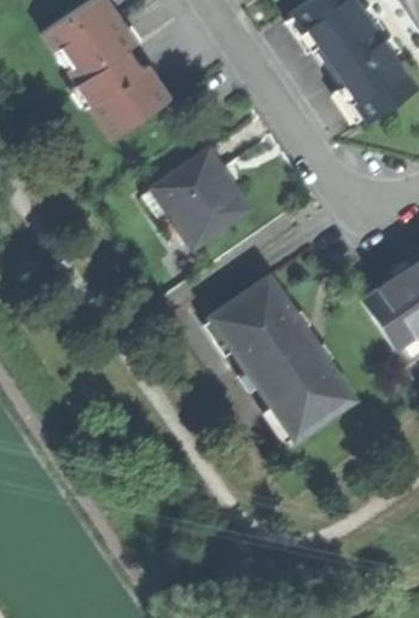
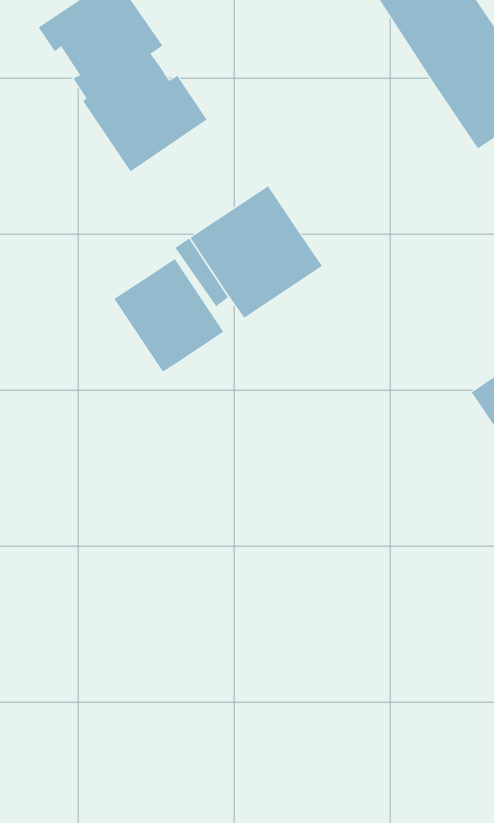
building: none -> [114,258,224,372]
building: [211,276,354,438] -> none

